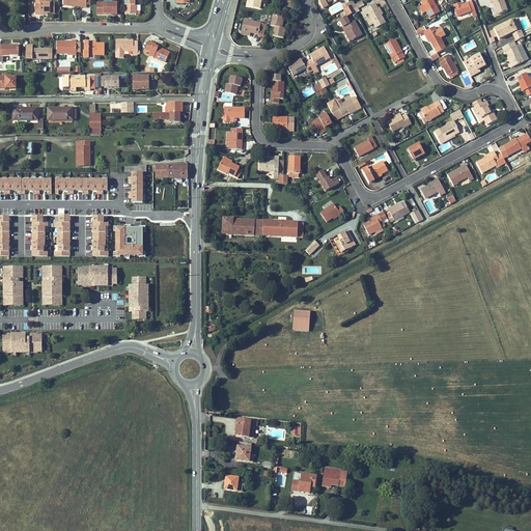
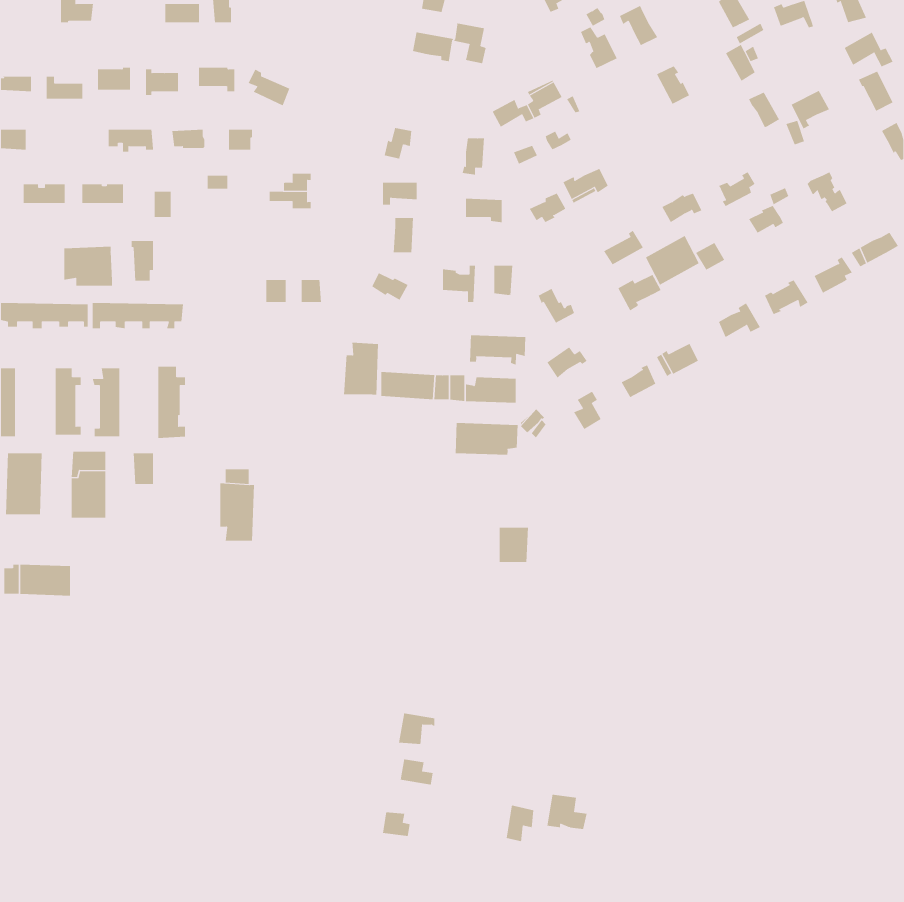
building: none -> [645,235,700,286]
building: none -> [64,246,113,287]
building: [129,172,143,202] -> none
building: none -> [469,335,526,366]
building: none -> [344,342,379,395]
building: [116,226,143,253] -> none
building: none -> [455,422,518,456]
building: [90,264,116,284] -> none

